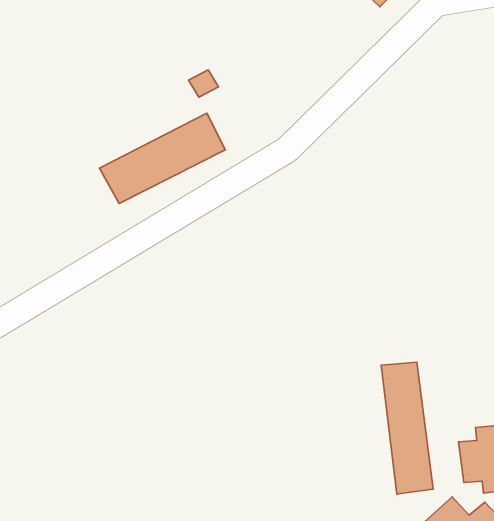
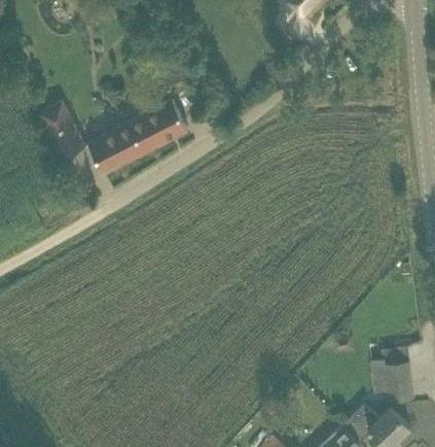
building: none -> [40,102,85,160]
building: [381,362,433,494] -> none

